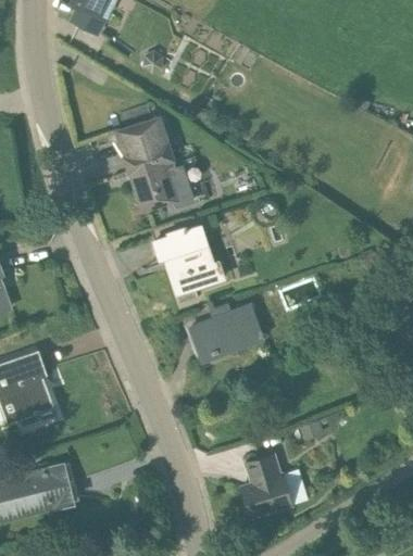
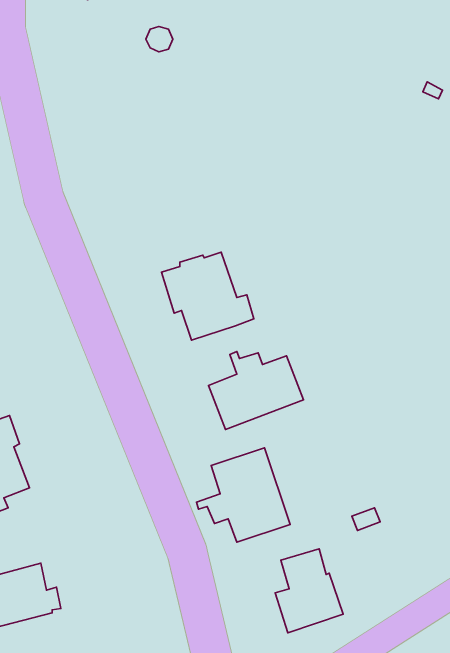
building: [117,105,190,202] -> none
building: none -> [196,448,290,542]

